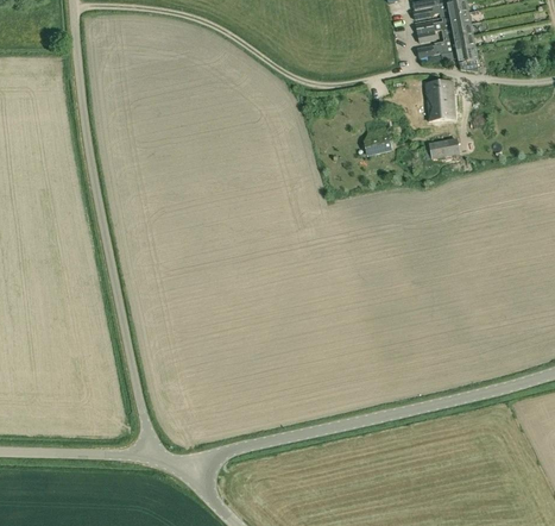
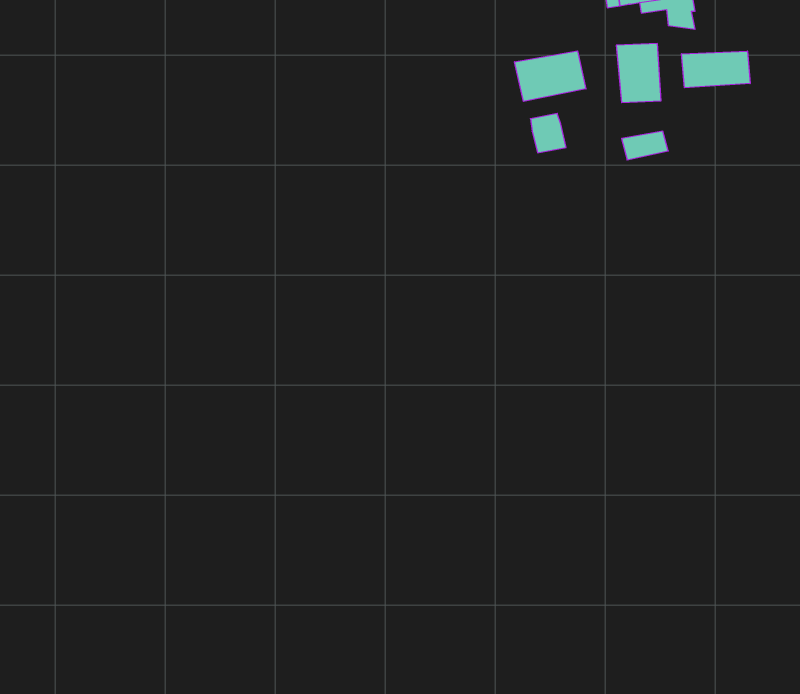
building: none -> [515,51,586,101]
building: none -> [682,51,750,88]

